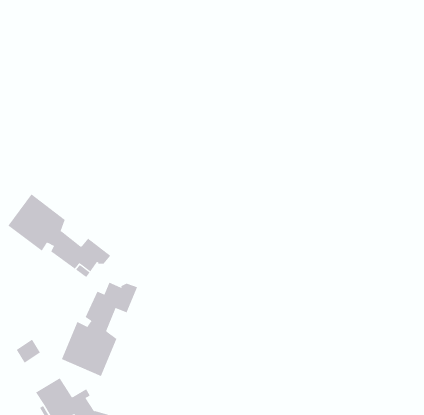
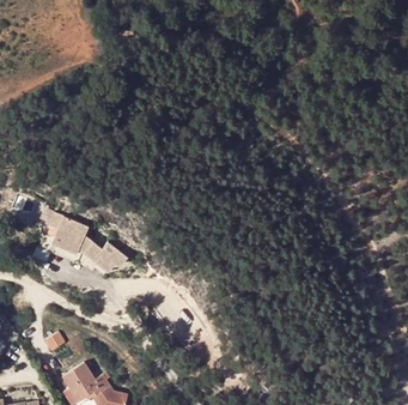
building: [61,282,138,377] -> none

